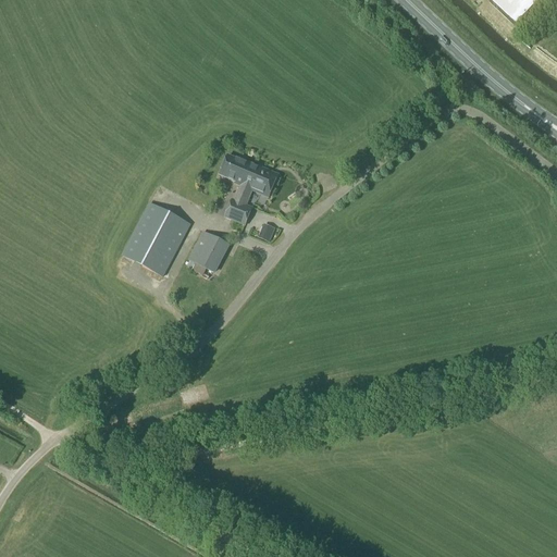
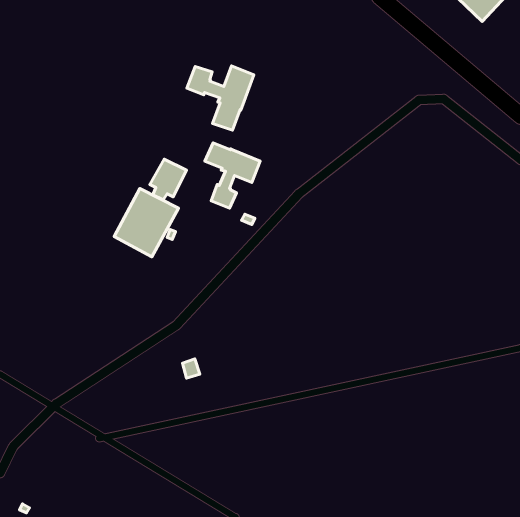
building: none -> [187,66,254,130]
building: [189,230,228,273] -> [150,159,187,200]

